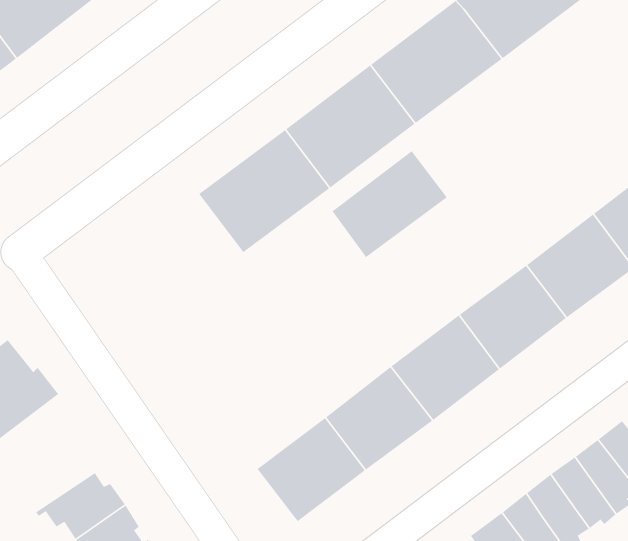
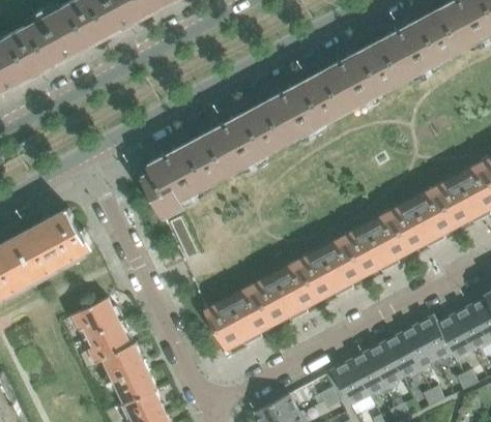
building: [331,150,448,258] -> none
building: none -> [141,139,219,217]

